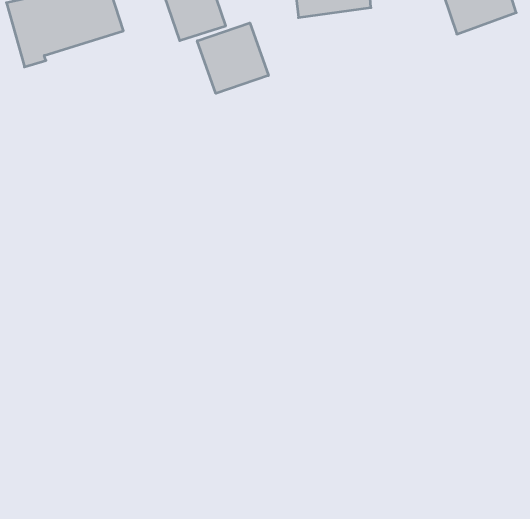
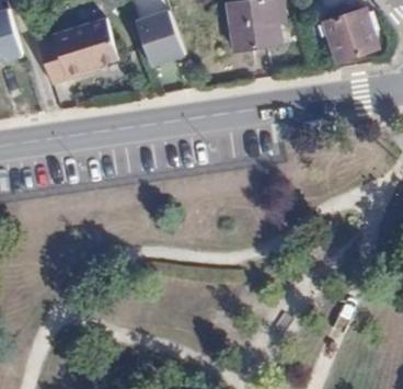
building: [197,23,268,93] -> none

